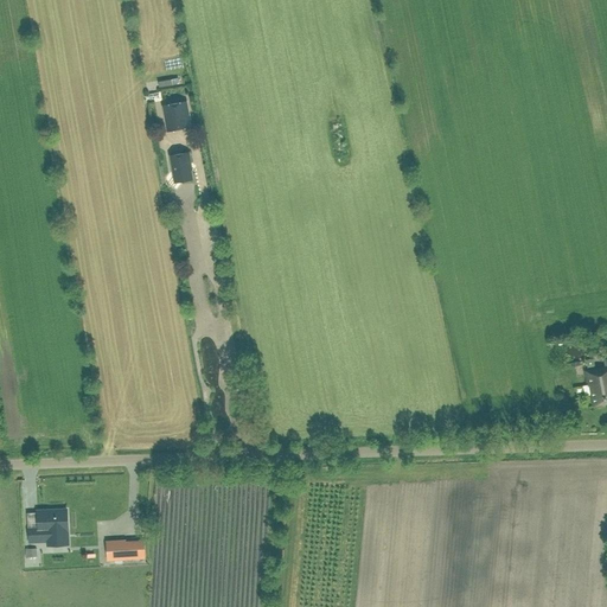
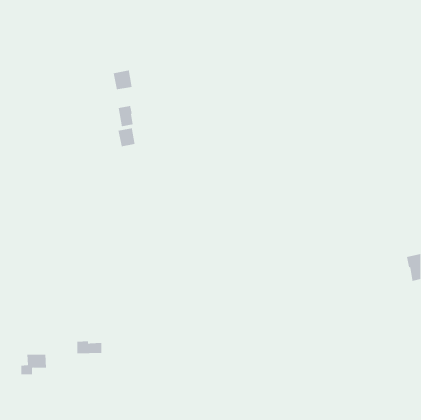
building: none -> [118,128,135,147]
building: [103,537,140,556] -> [77,341,102,354]

